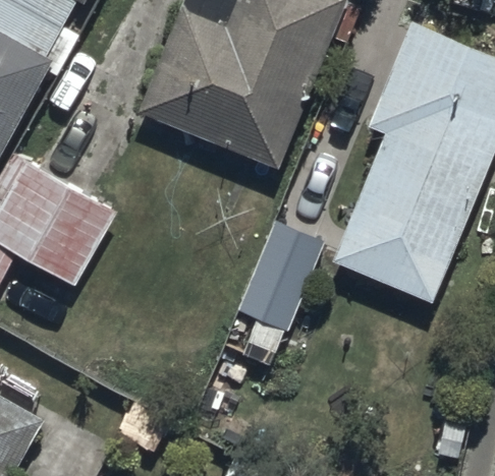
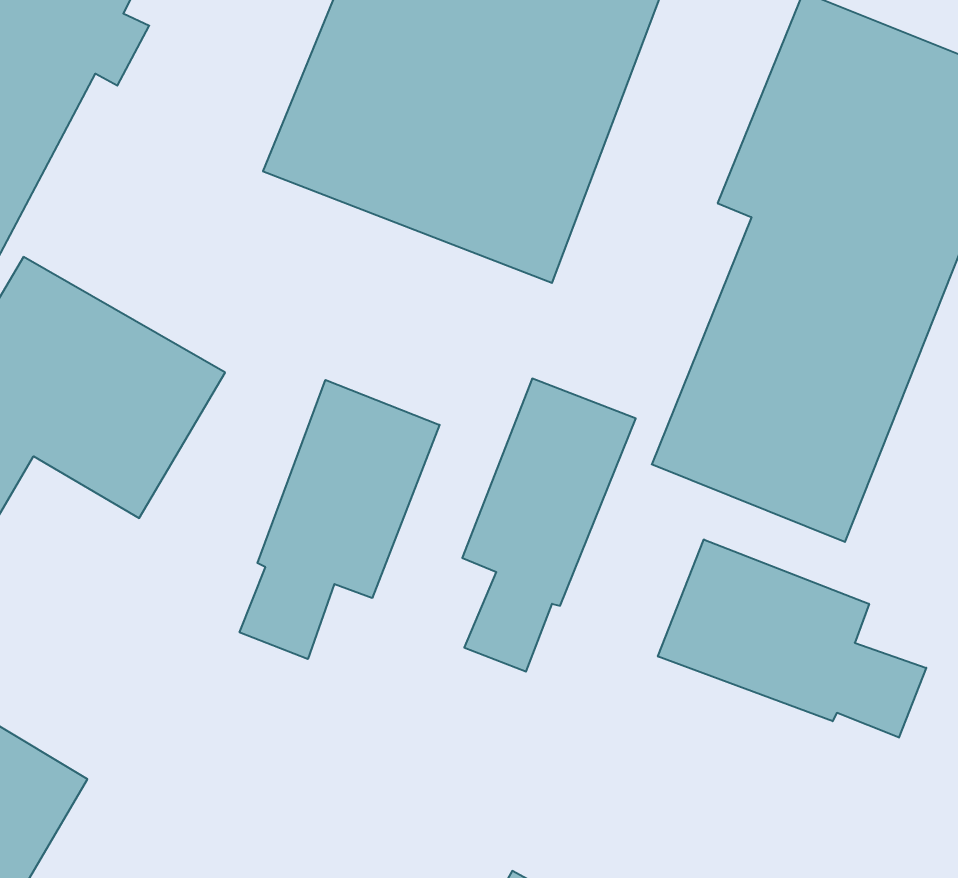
building: none -> [240,380,440,659]
building: none -> [658,539,926,738]

